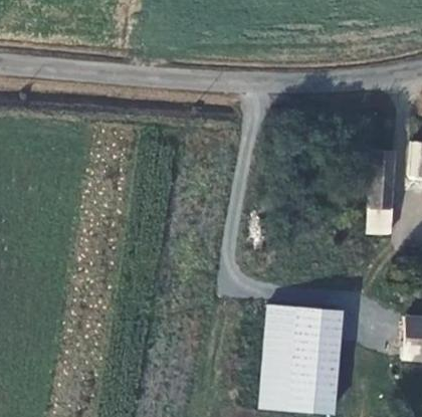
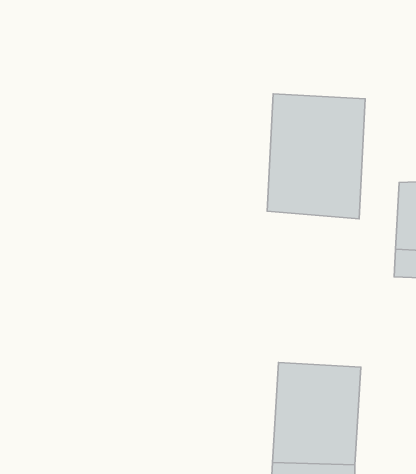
building: none -> [267,94,365,219]

